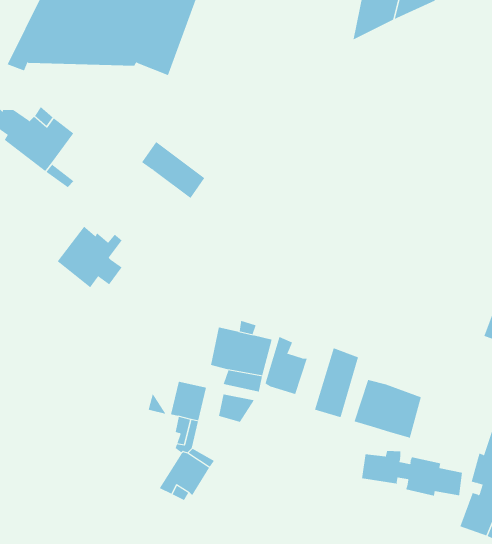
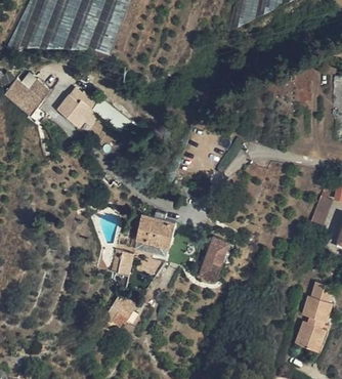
building: [57,226,122,288] -> [57,87,99,127]
building: [265,336,307,395] -> none
building: [354,379,422,439] -> none
building: [361,450,462,496] -> none

